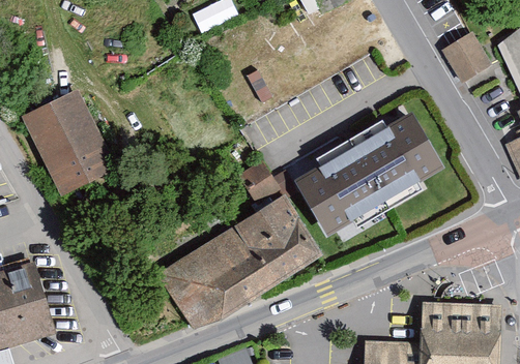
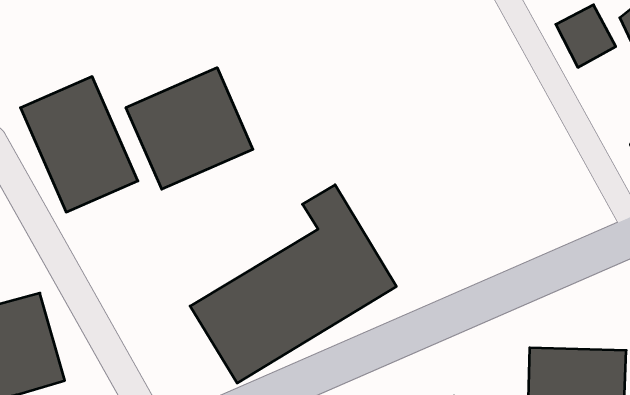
building: none -> [126,68,253,189]
building: [291,101,441,230] -> none

